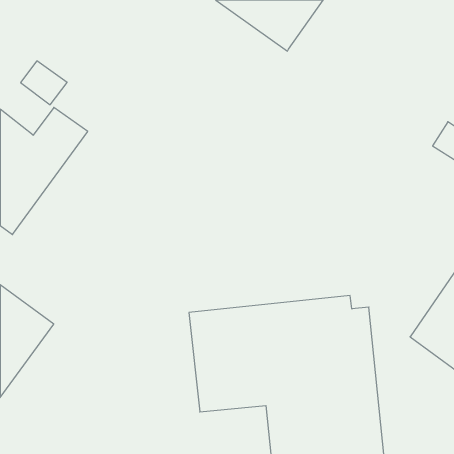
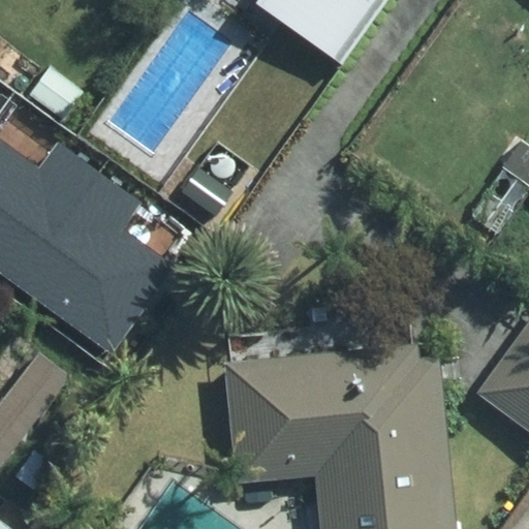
building: none -> [19,156,181,347]

